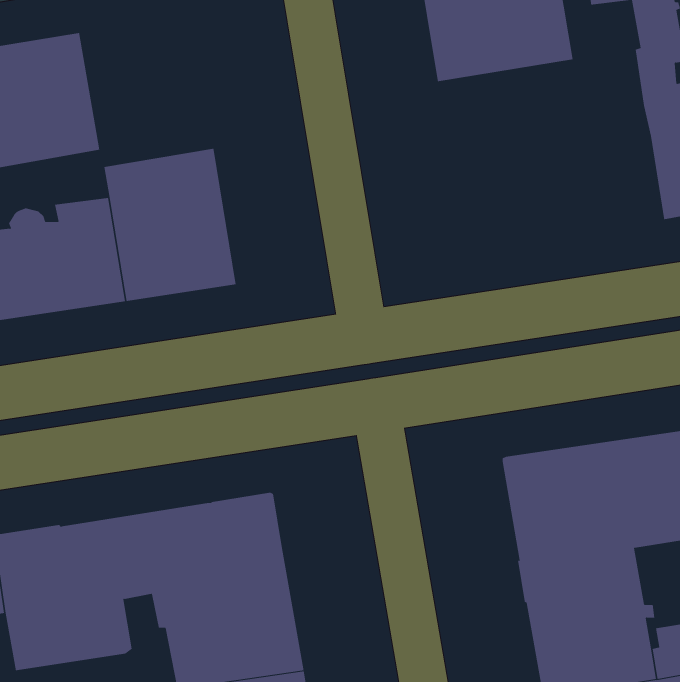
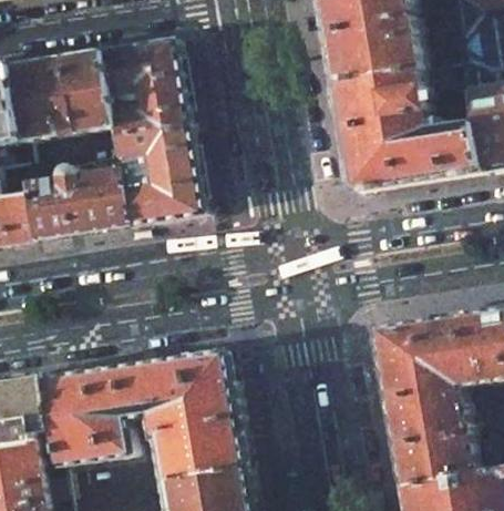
building: none -> [97,39,185,139]
building: none -> [330,62,477,193]

